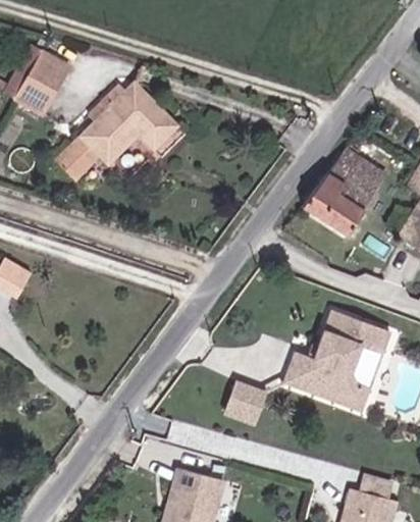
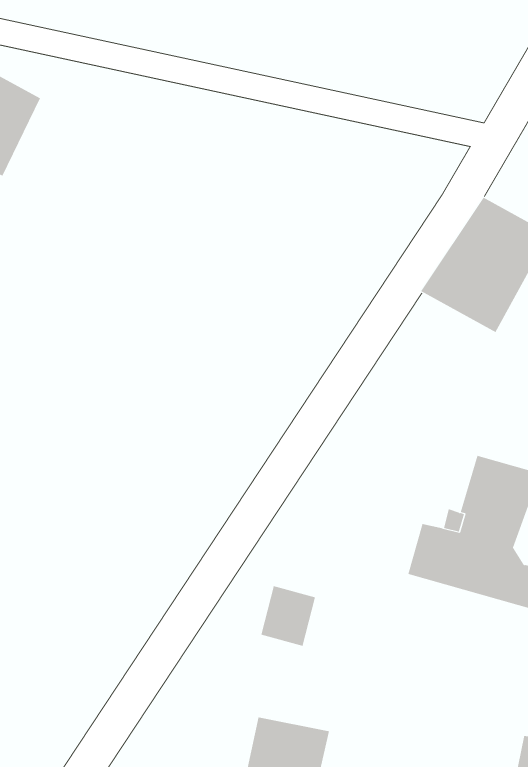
building: [58,84,179,179] -> none
building: [227,384,264,424] -> [260,586,316,646]

